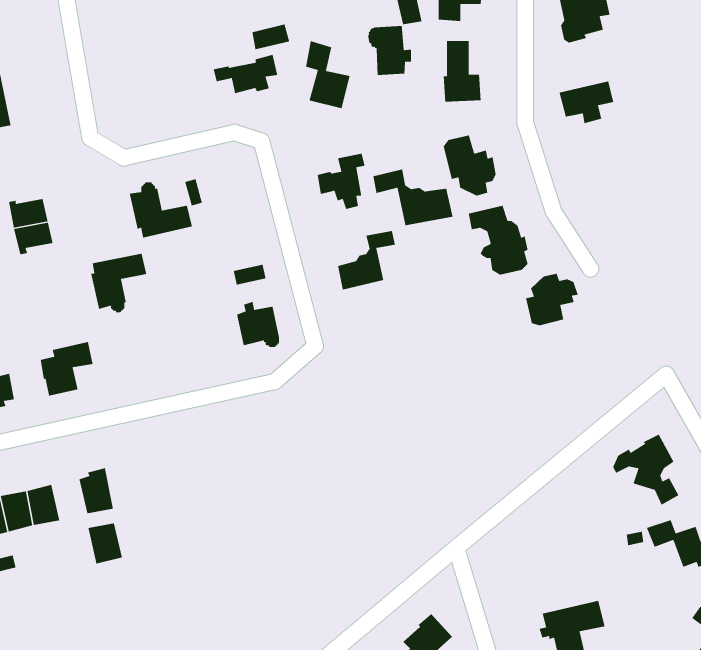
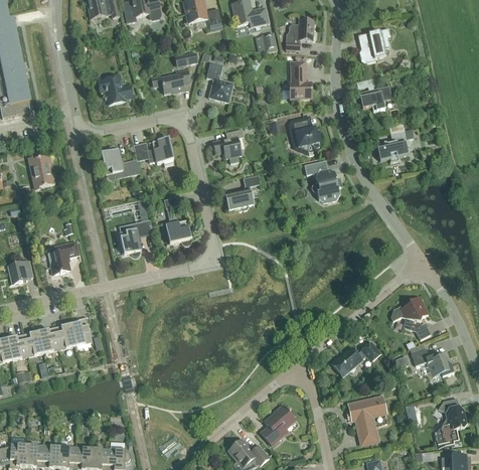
building: [367,25,412,76] -> none
building: none -> [98,74,133,104]
building: none -> [377,128,414,161]
building: none -> [147,137,173,162]
building: [372,169,453,226] -> none
building: [90,253,147,313] -> [119,219,153,256]
building: [525,273,579,326] -> none
building: none -> [331,341,380,375]
building: [88,522,123,565] -> [54,323,75,348]

